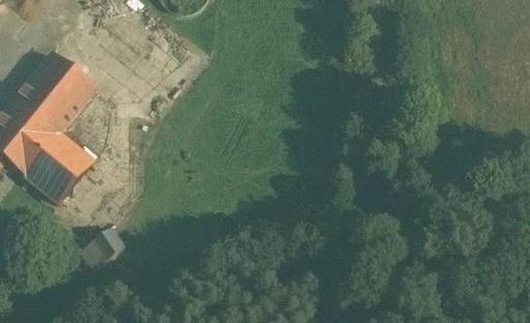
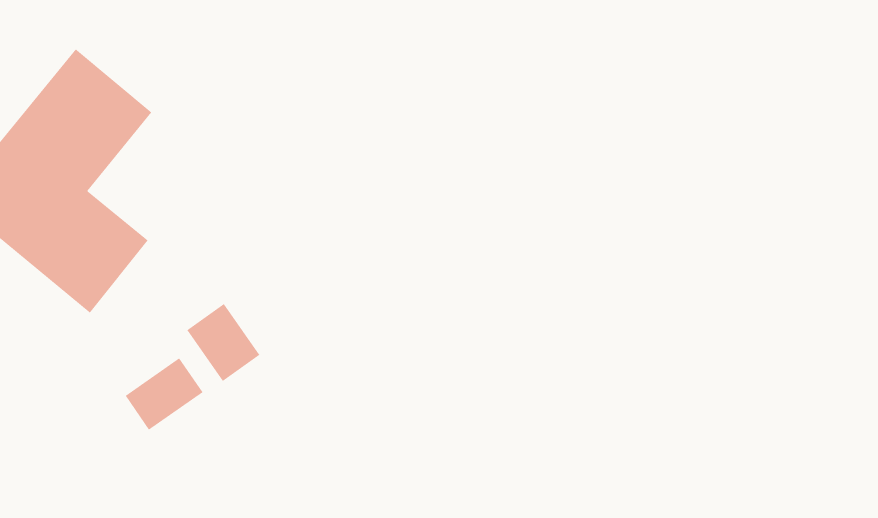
building: none -> [186,303,260,382]

